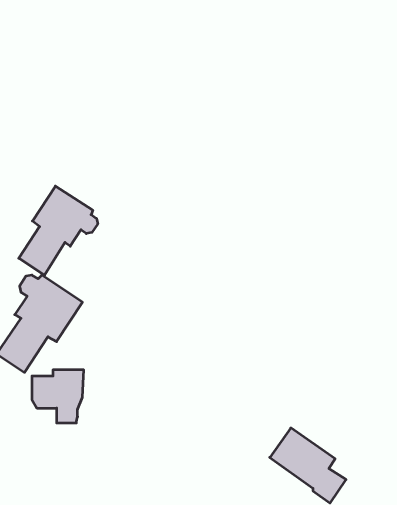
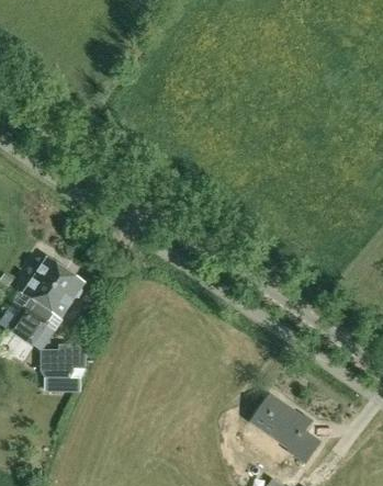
building: [19,186,98,275] -> none

